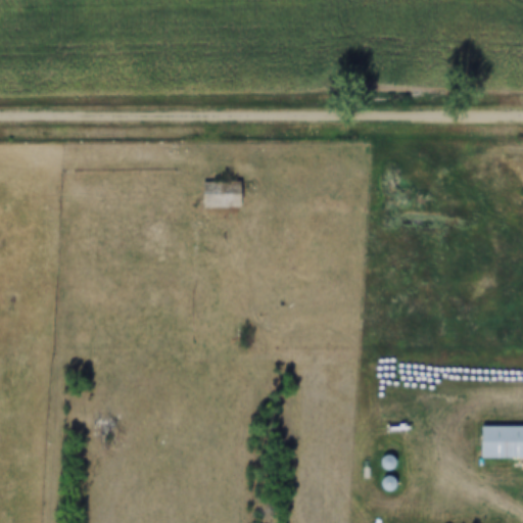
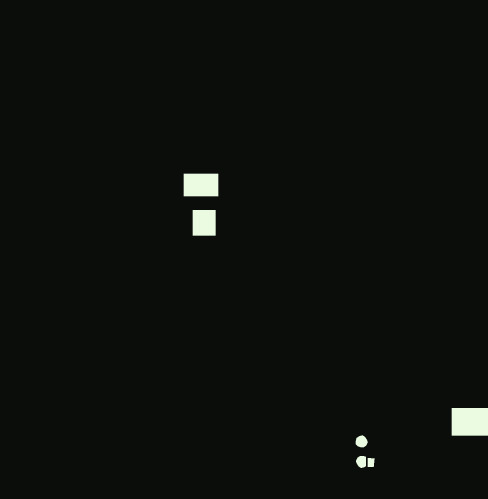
building: none -> [192,209,216,237]

